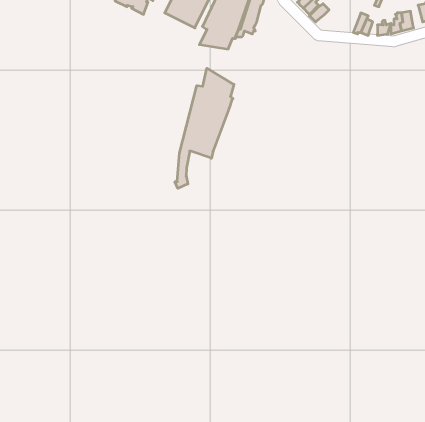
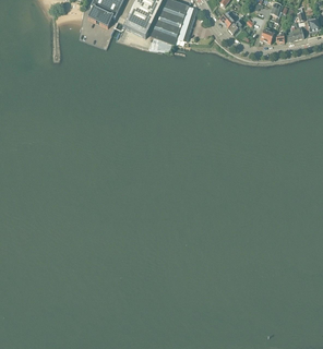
building: [175,68,234,188] -> none

